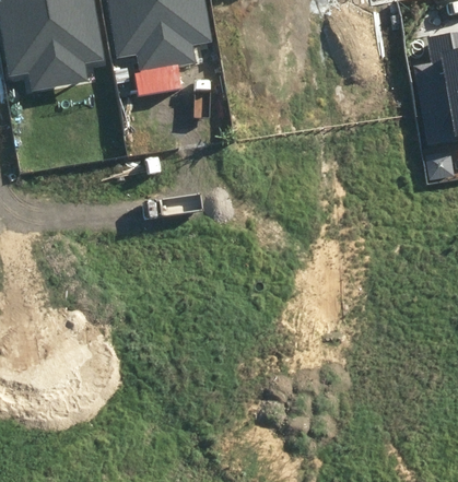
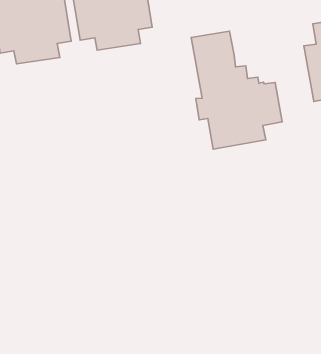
building: none -> [191,31,282,149]

